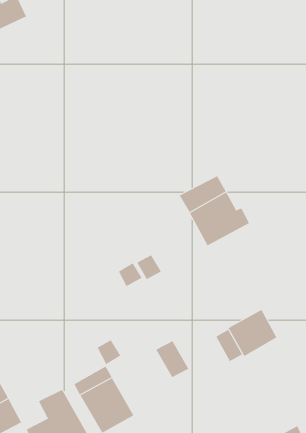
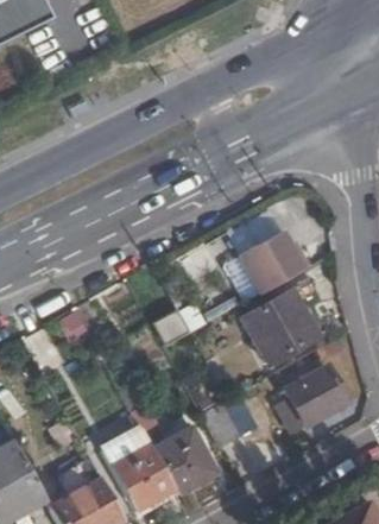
building: none -> [240,292,315,364]
building: none -> [149,428,213,494]

